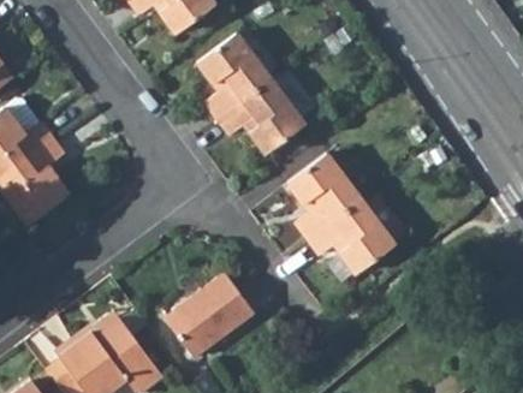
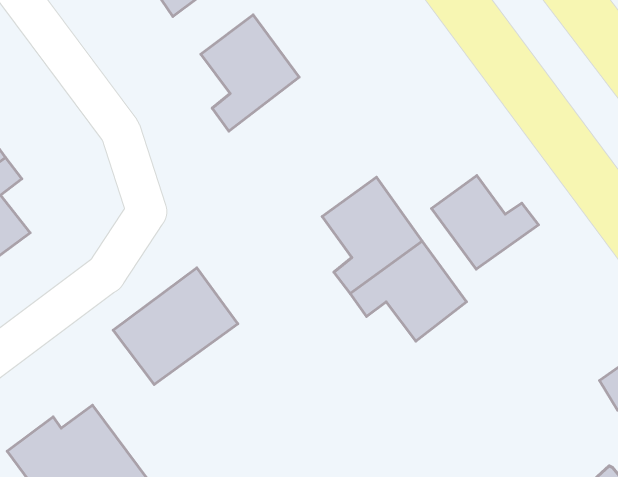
building: [216,81,302,154] -> none
building: none -> [431,175,538,269]
building: [161,273,252,358] -> [113,268,238,384]

